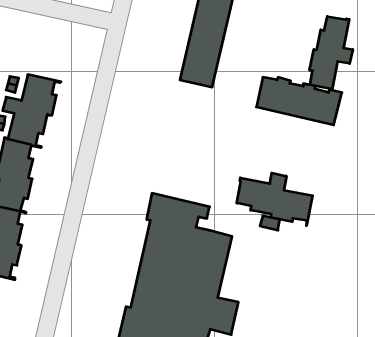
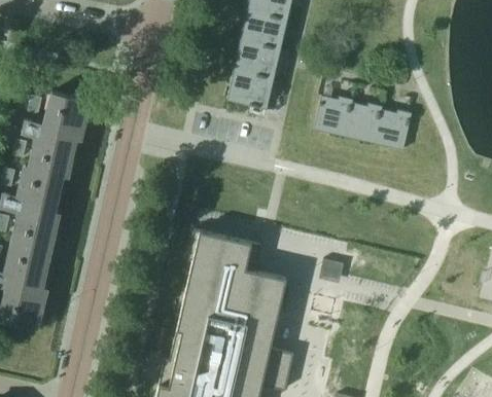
building: [306,16,353,89] -> none
building: [237,173,313,226] -> none

